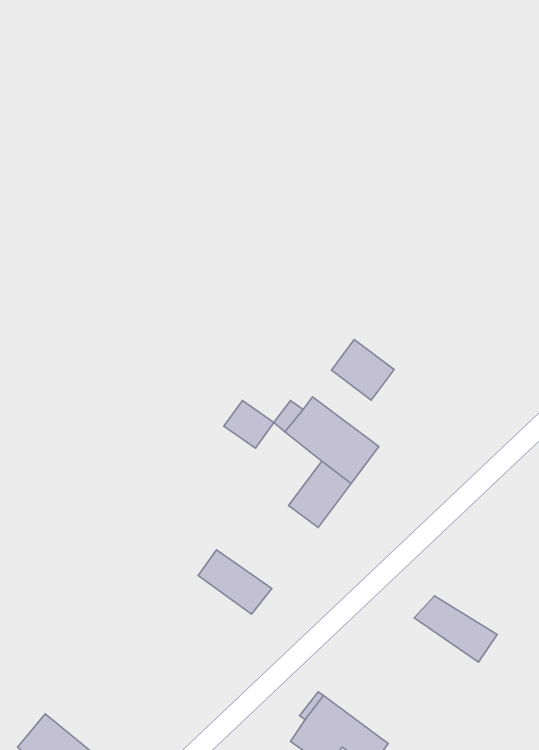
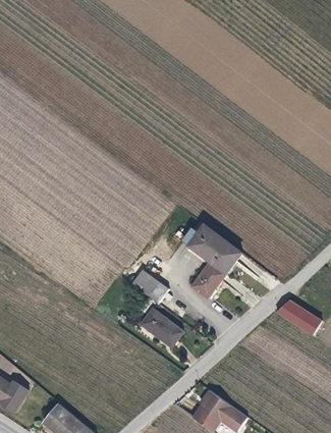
building: [331,340,394,400] -> none
building: [224,400,274,448] -> [131,270,159,296]
building: [414,596,497,662] -> [277,300,323,336]

